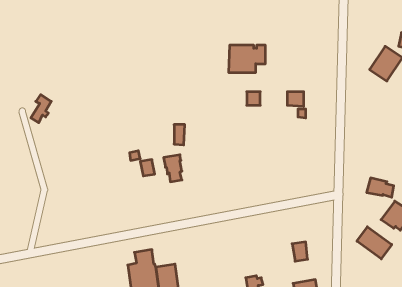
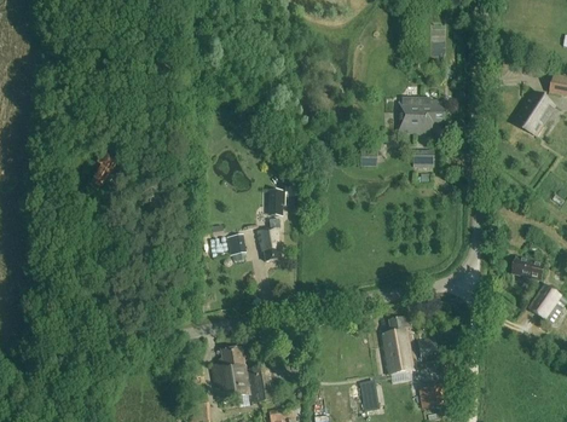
building: [229,45,265,72] -> [399,99,445,133]
building: none -> [380,316,413,374]
building: [357,227,392,259] -> none

